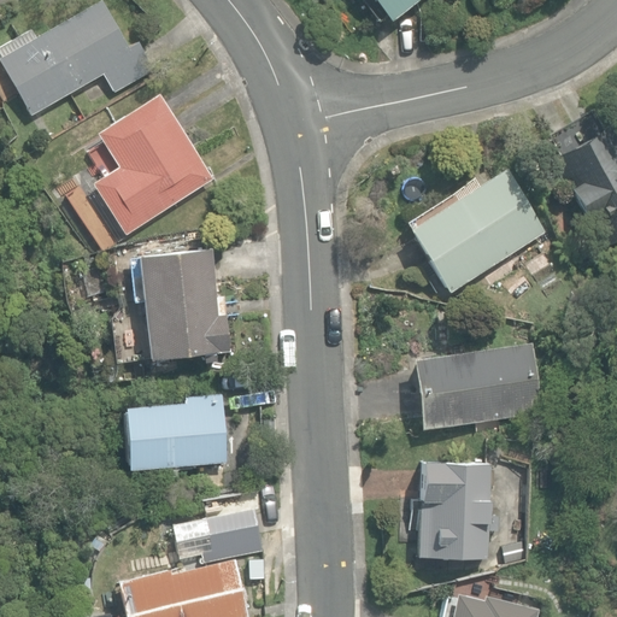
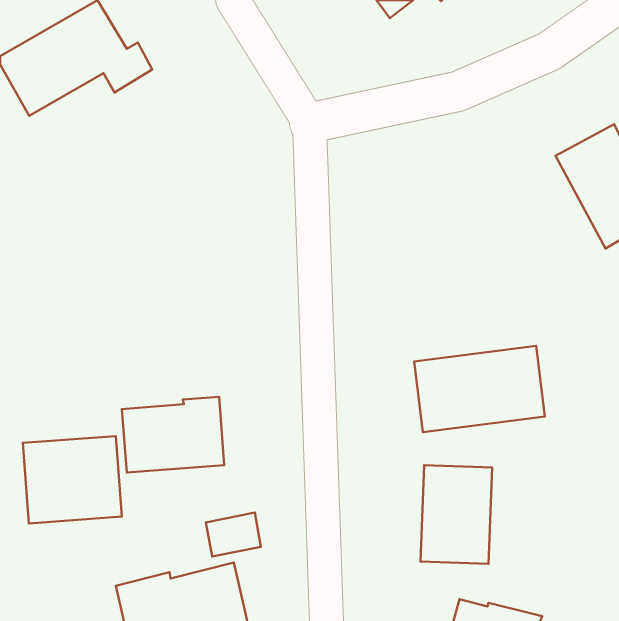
building: [95,94,213,235] -> none
building: [405,165,545,292] -> none
building: [139,248,230,363] -> none
building: none -> [23,436,122,524]

